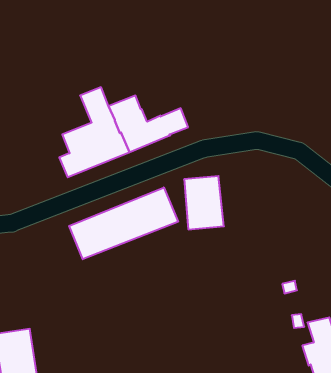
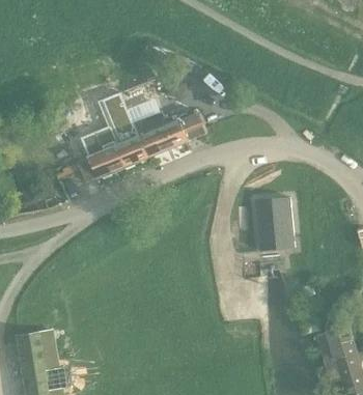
building: [184,176,224,229] -> [256,196,296,249]
building: [69,187,178,259] -> none

